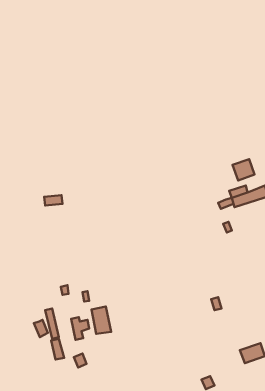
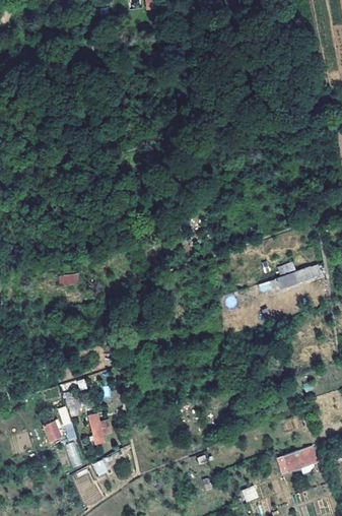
building: [232,159,254,180] -> none
building: [91,306,111,334] -> none

